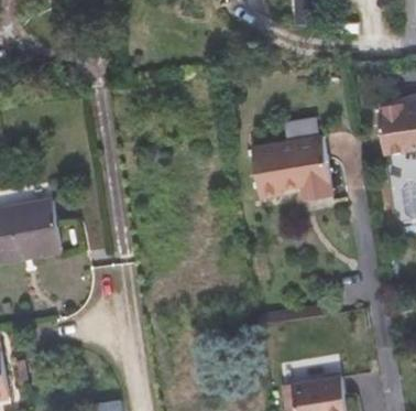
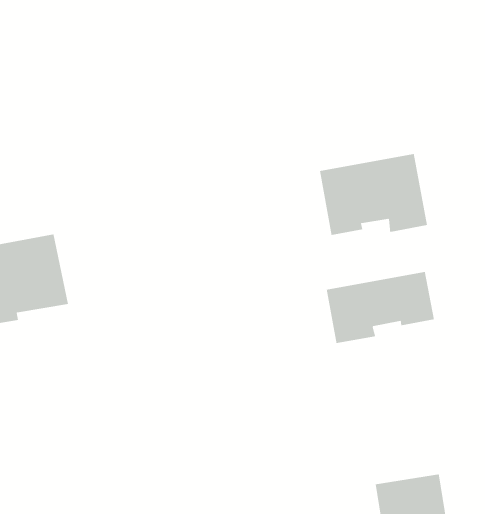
building: none -> [326,271,434,344]

